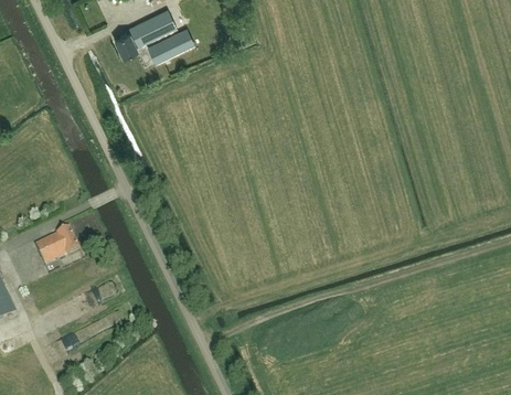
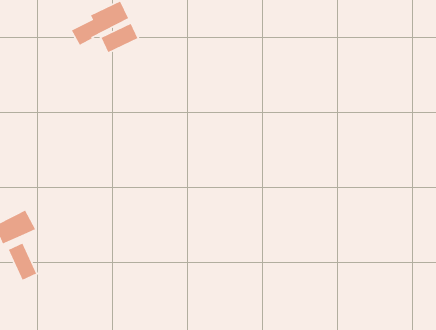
building: none -> [8,242,37,281]

